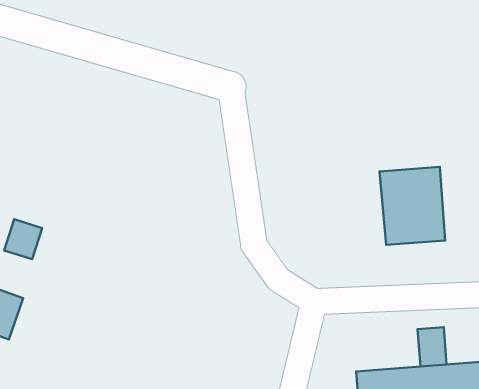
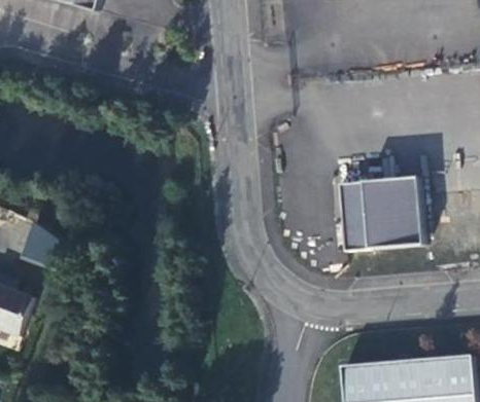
building: none -> [337,180,369,251]
building: [417,327,447,367] -> none

